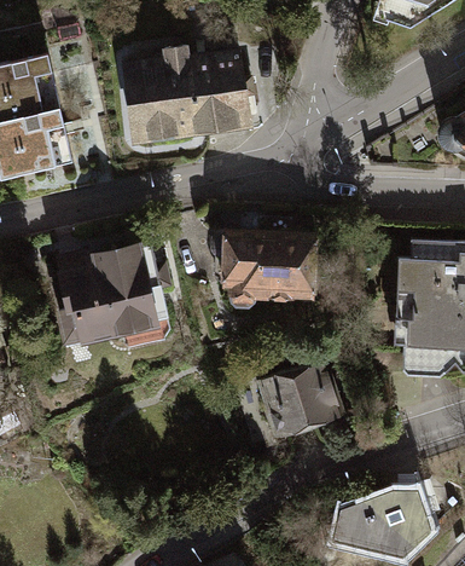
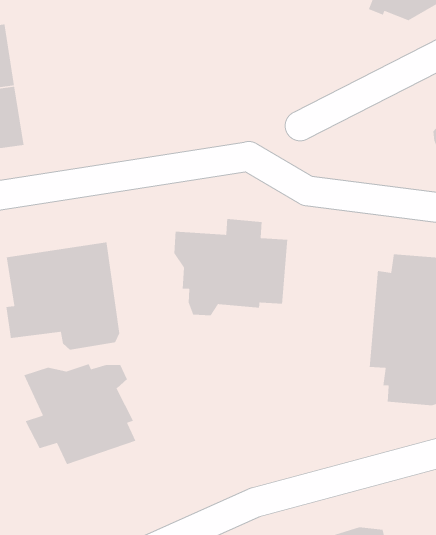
building: [122,50,250,148] -> none
building: none -> [23,363,137,465]
building: [257,359,341,433] -> none

